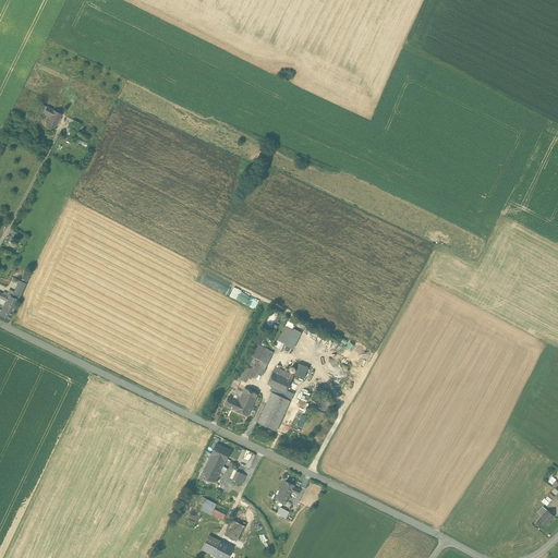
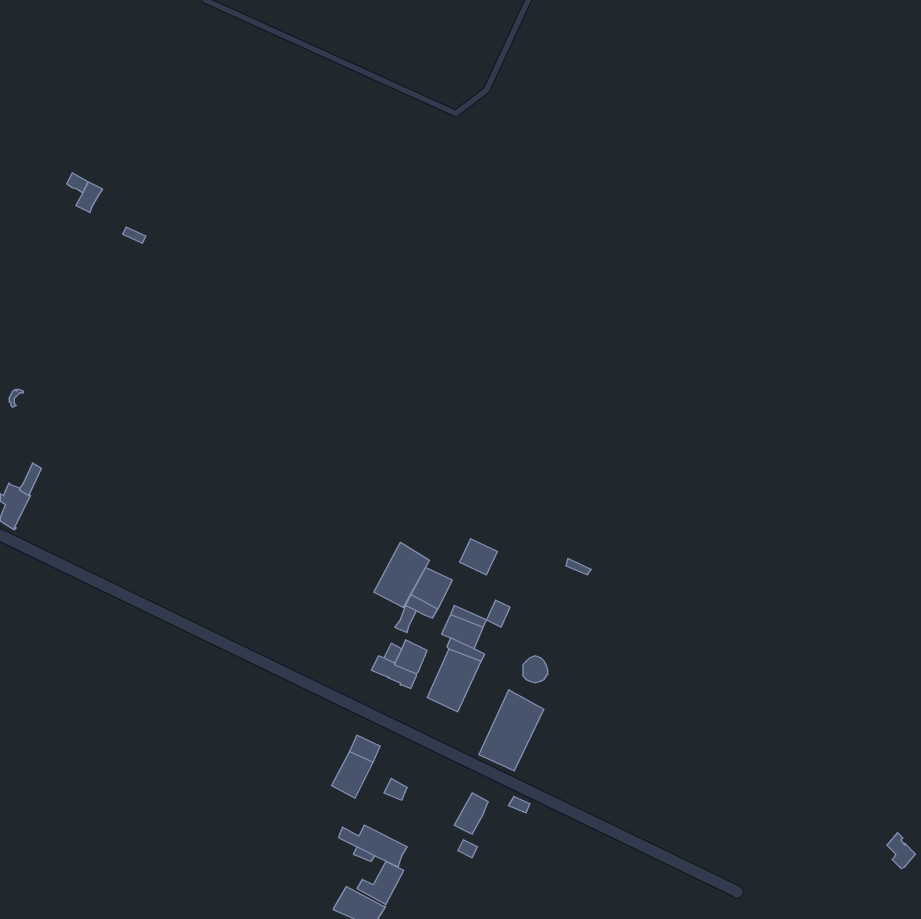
building: none -> [374,542,429,608]
building: none -> [479,690,544,771]

